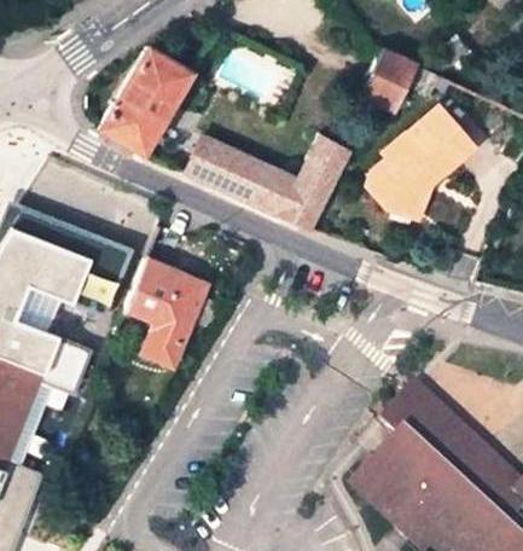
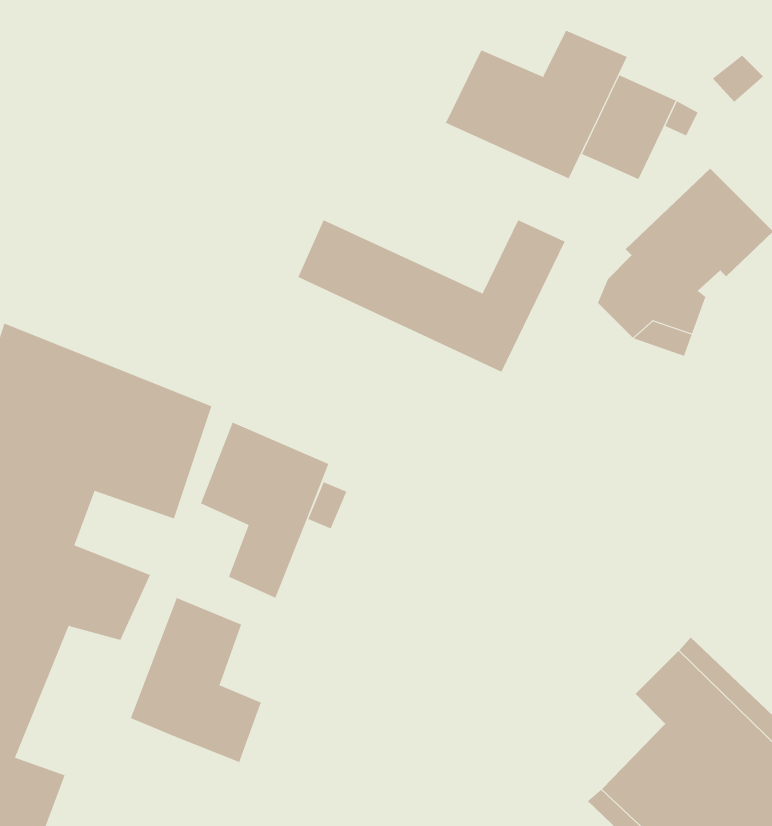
building: none -> [445,30,628,179]
building: [98,48,194,155] -> none
building: none -> [130,597,261,763]

